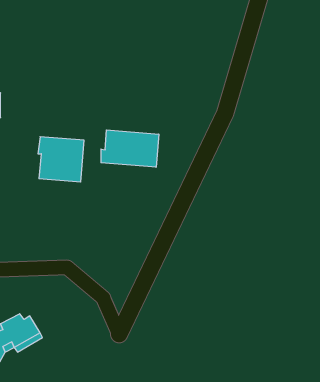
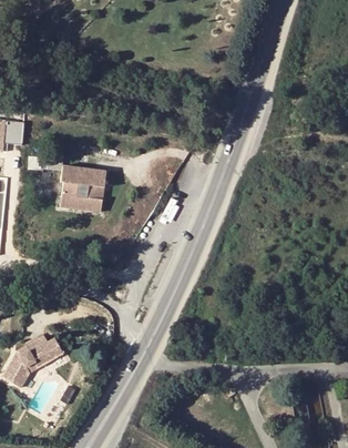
building: [101,130,159,167] -> none

